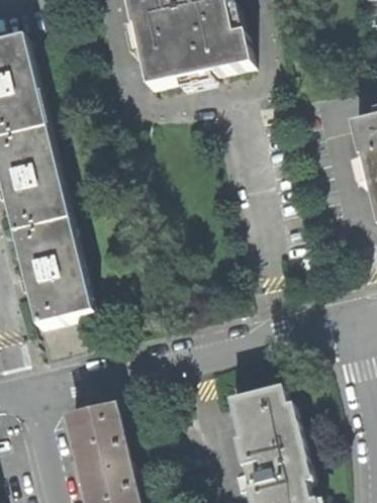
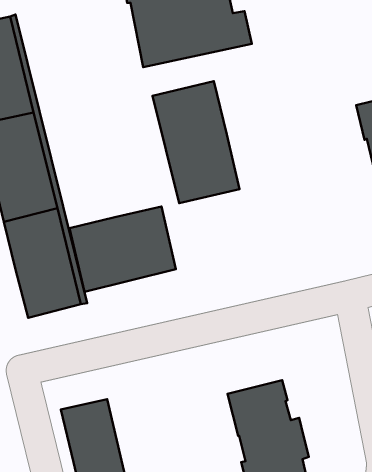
building: none -> [152,81,240,203]
building: none -> [69,207,176,292]

